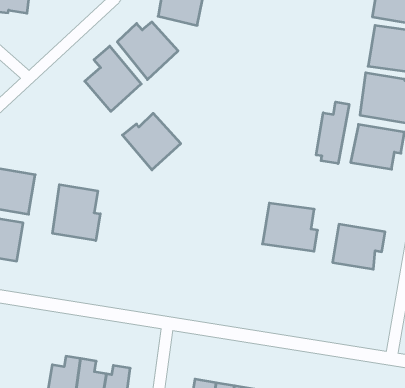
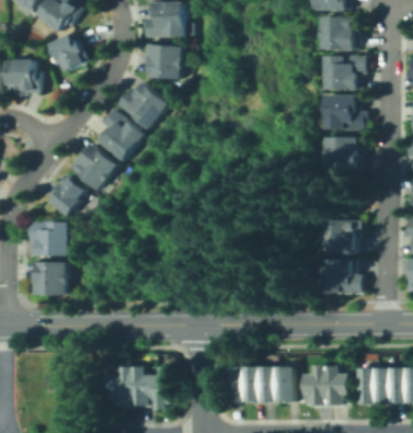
building: [316,102,349,164] -> none
building: [122,113,181,170] -> [69,144,117,190]
building: none -> [50,175,85,216]
building: [53,185,100,241] -> none
building: [262,203,318,251] -> [319,260,362,295]

